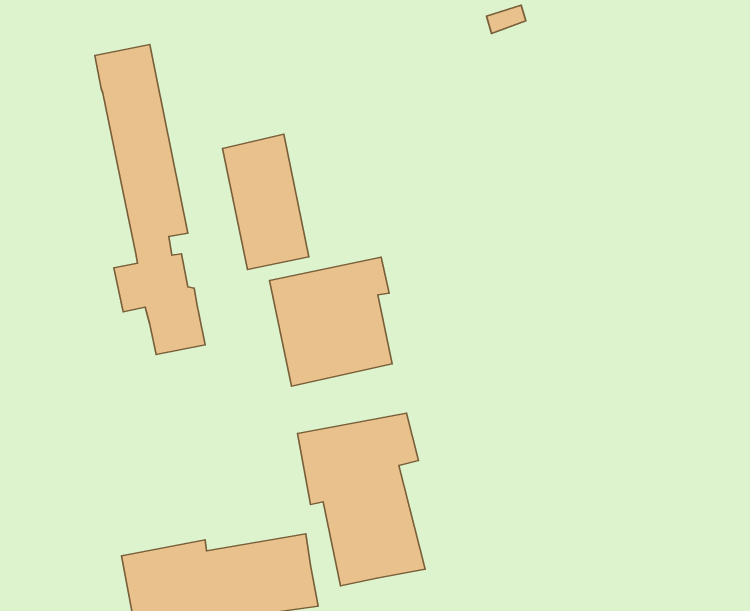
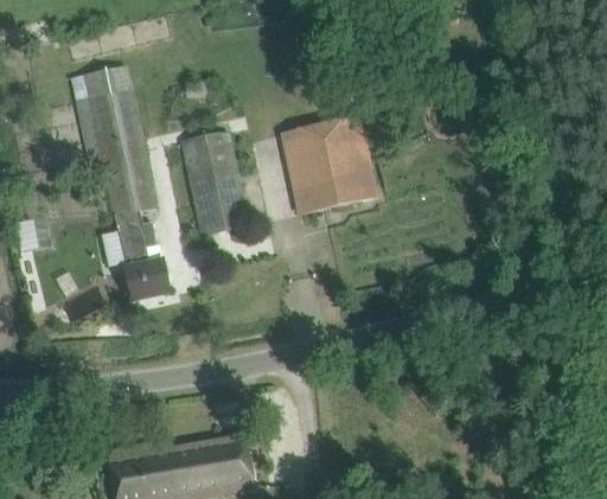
building: [269,257,392,386] -> [282,116,375,213]
building: [297,413,425,586] -> none

